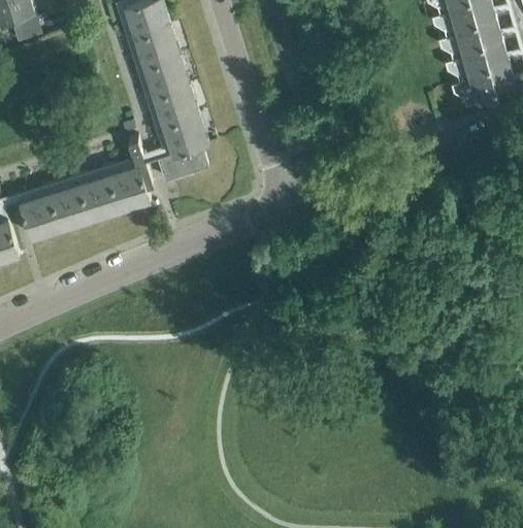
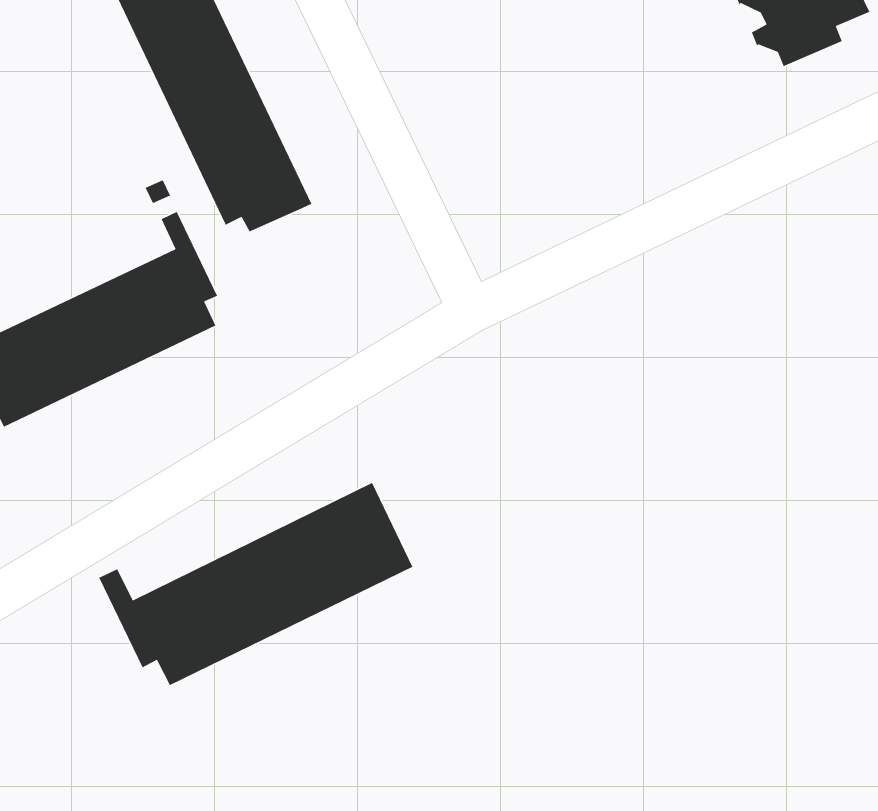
building: [156,145,208,180] -> none
building: none -> [98,482,414,686]

